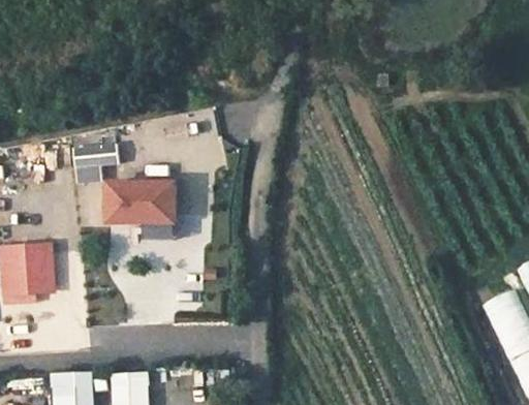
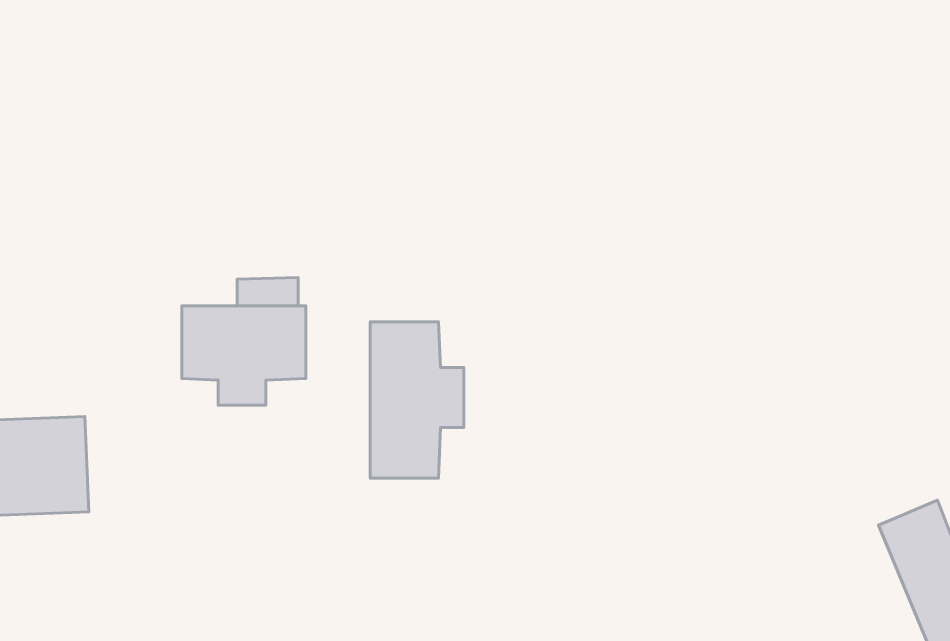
building: [77,148,121,183] -> none
building: none -> [370,322,464,478]

